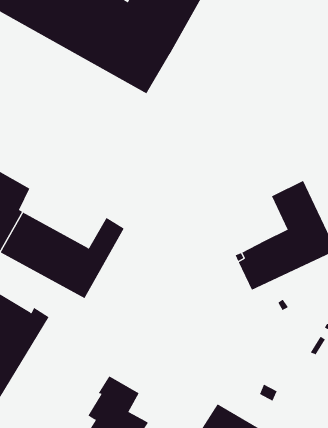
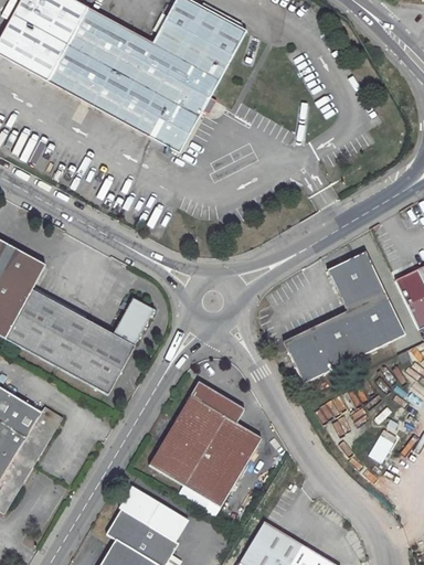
building: none -> [147,385,257,508]
building: none -> [157,507,189,540]

